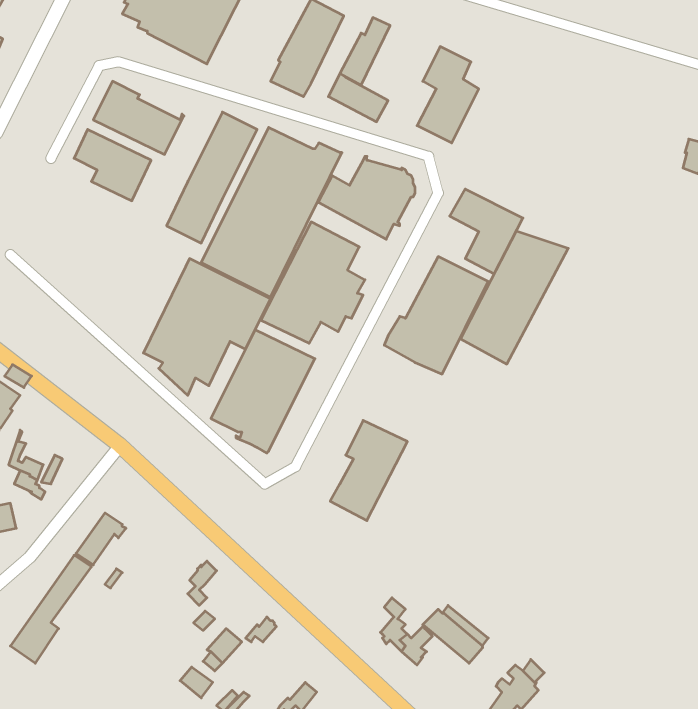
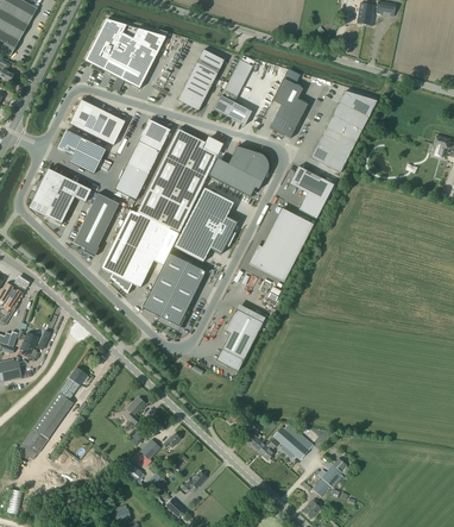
building: none -> [33,169,90,224]
building: [460,231,568,364] -> [310,90,377,172]
building: none -> [72,194,119,257]

